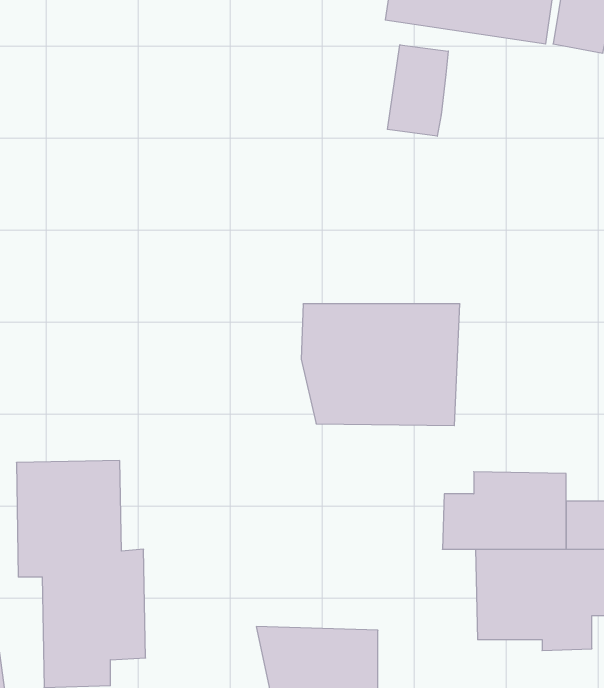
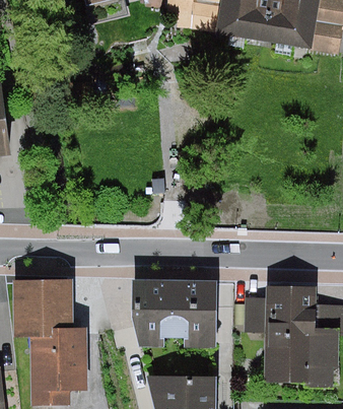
building: [387,45,448,136] -> none
building: [301,304,460,426] -> [131,281,218,348]

